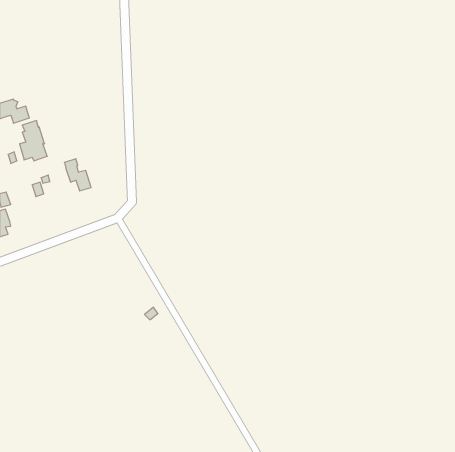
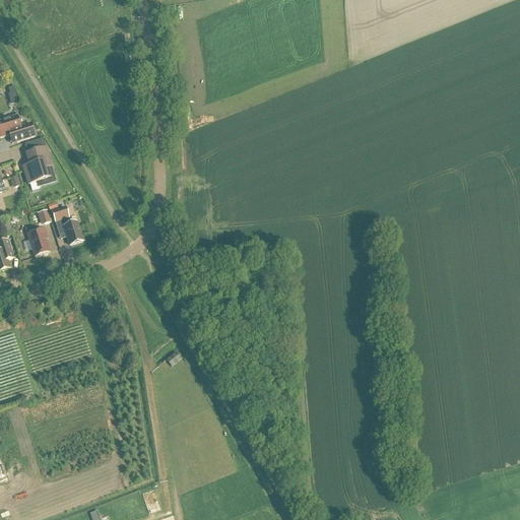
building: [64,159,91,191] -> [52,206,82,243]
building: none -> [26,225,49,254]

